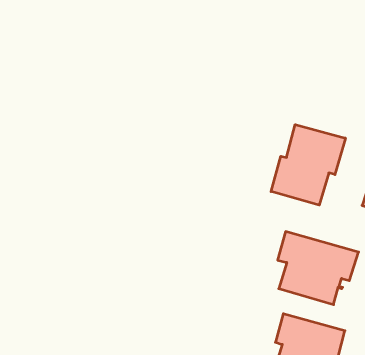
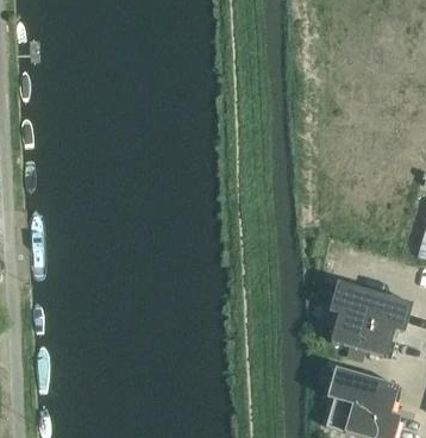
building: [271,125,345,205] -> none

